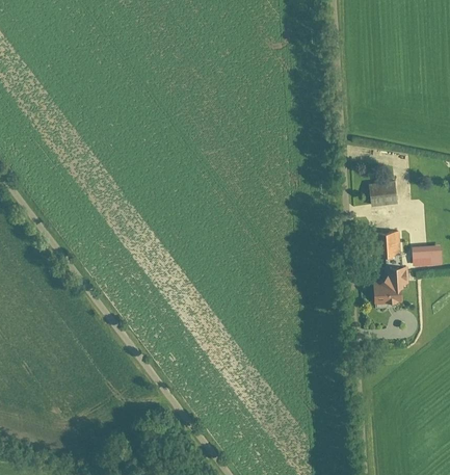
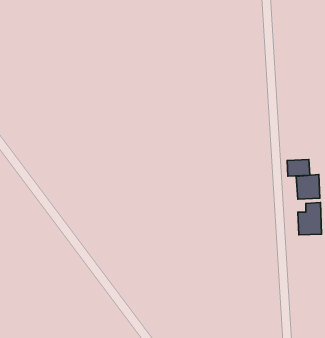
building: [370,180,397,200] -> [287,159,310,176]

